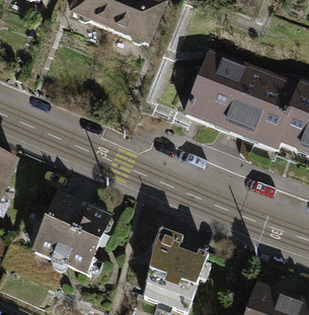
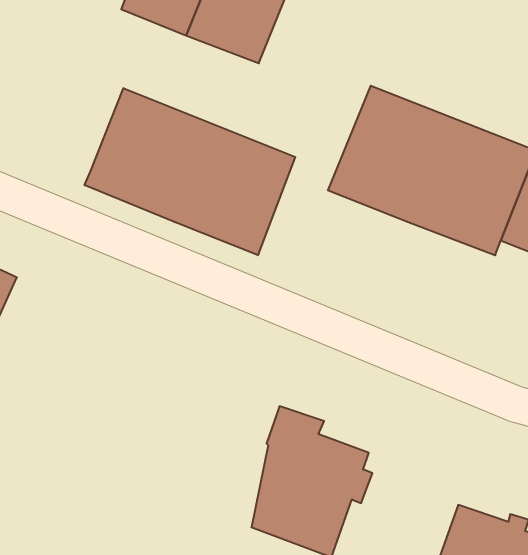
building: none -> [85,88,295,255]
building: [34,193,106,272] -> none

